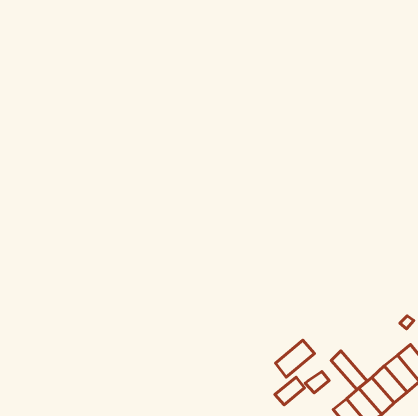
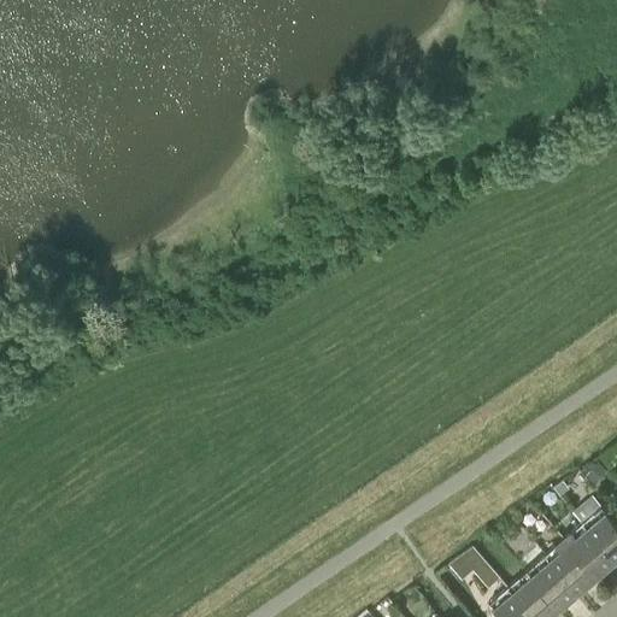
building: [275,340,315,377] -> none
building: [331,351,367,390] -> none
building: [275,377,304,405] -> none

